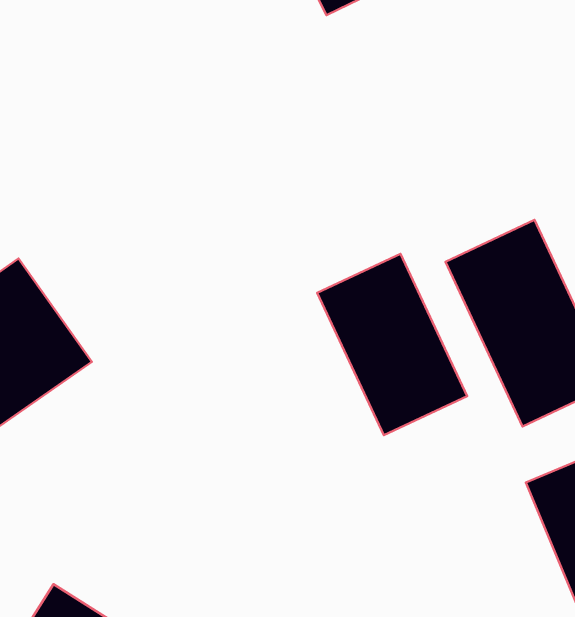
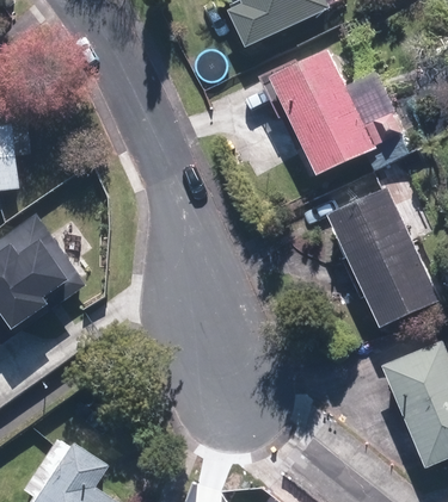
building: none -> [259,51,400,176]
building: [317,254,467,435] -> none

